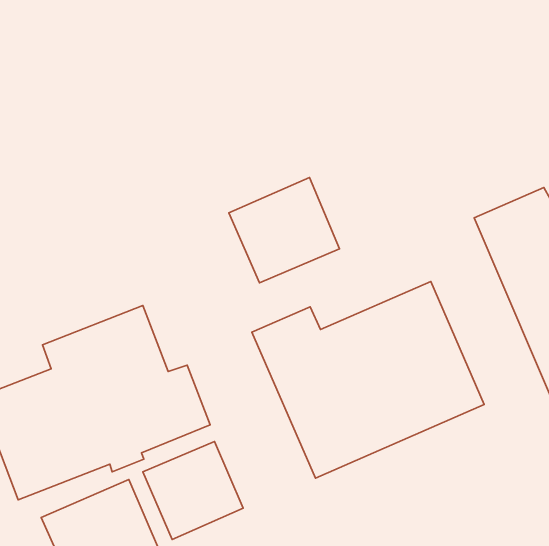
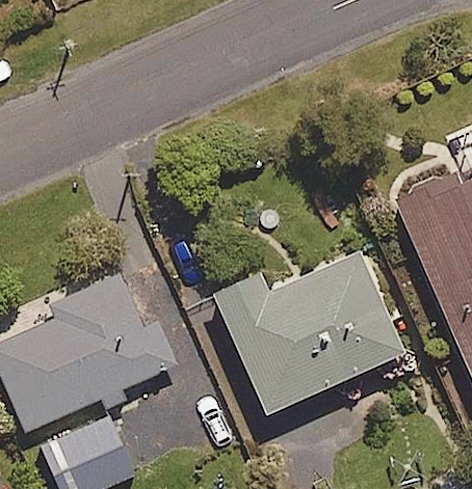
building: [229,178,340,283] -> none
building: [143,441,243,539] -> none

